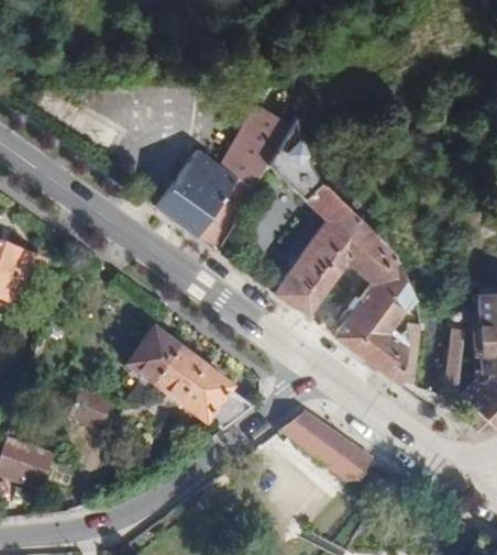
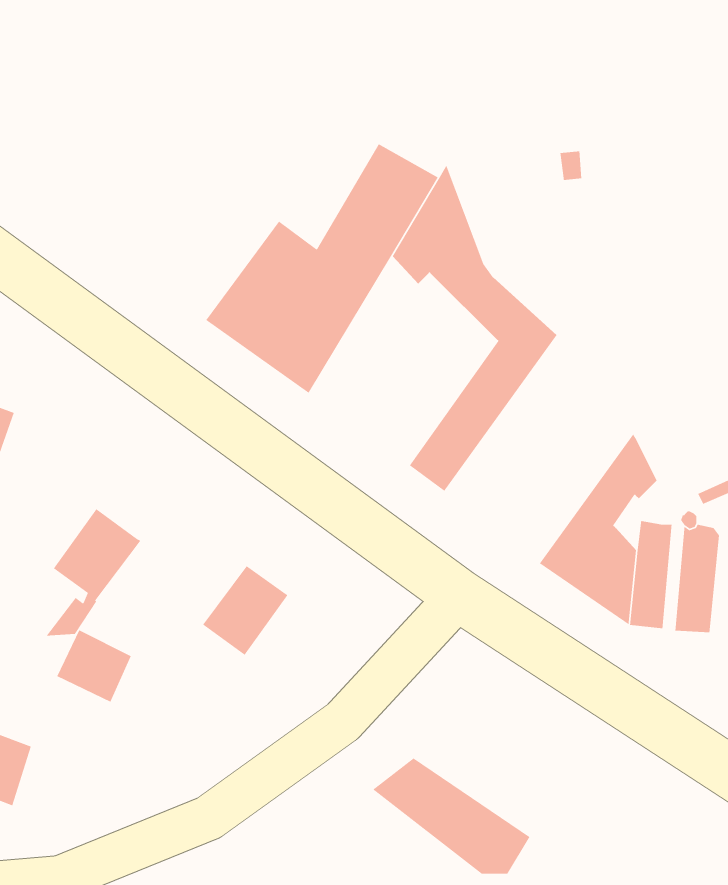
building: [294,214,404,347] -> none
building: [122,330,178,404] -> [45,508,141,636]
building: [177,366,253,430] -> none
building: [279,410,372,478] -> [372,758,530,874]

